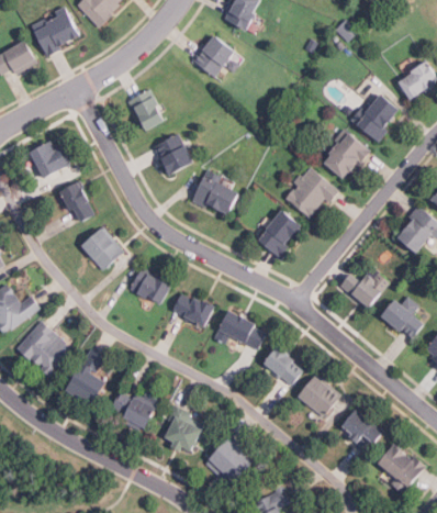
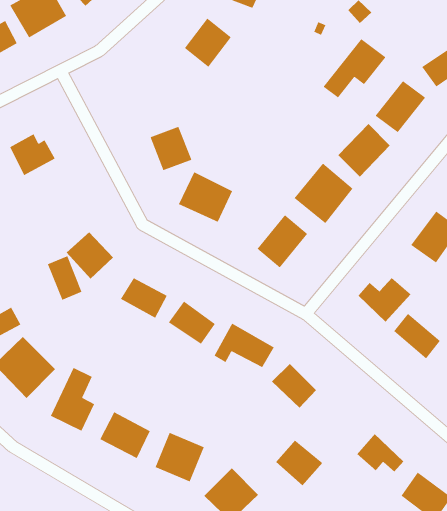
building: none -> [322,38,386,99]
building: [128,89,165,130] -> none
building: [63,181,94,222] -> [47,255,83,301]
building: [298,376,340,417] -> [275,440,323,486]

